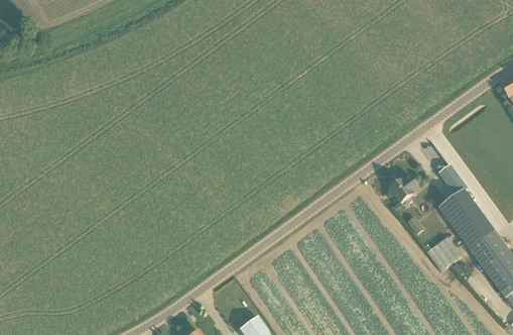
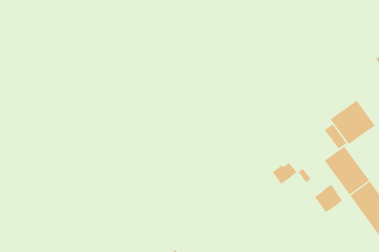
building: none -> [330,100,376,145]
building: [389,176,420,203] -> [272,162,297,185]

